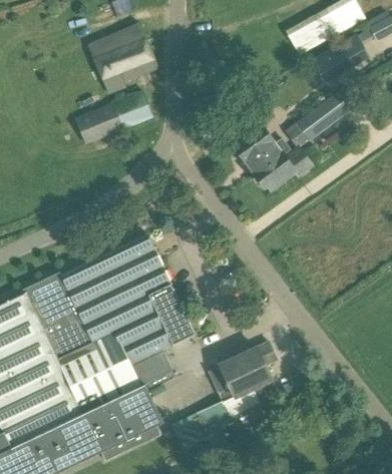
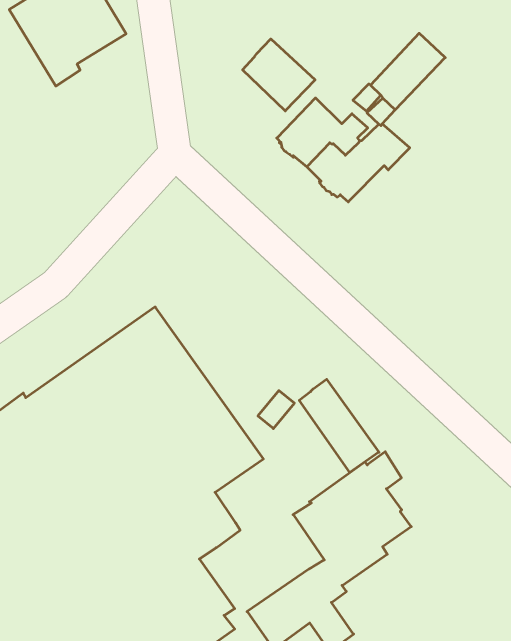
building: none -> [243,39,315,111]
building: [75,91,151,144] -> none
building: none -> [299,379,379,473]

